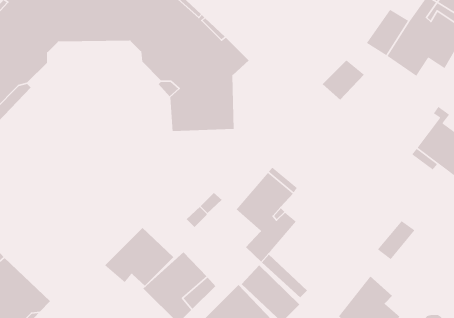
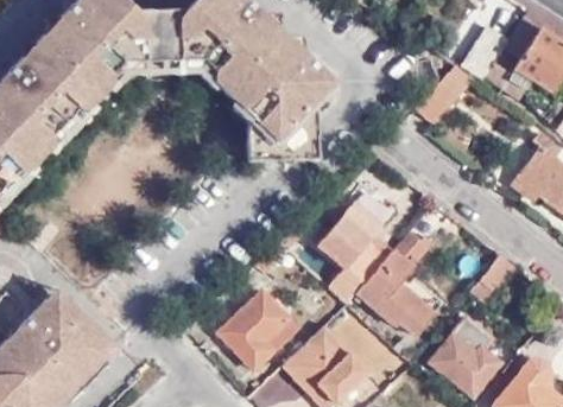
building: none -> [110,61,214,88]
building: none -> [356,229,435,333]
building: [104,227,174,286] -> none

